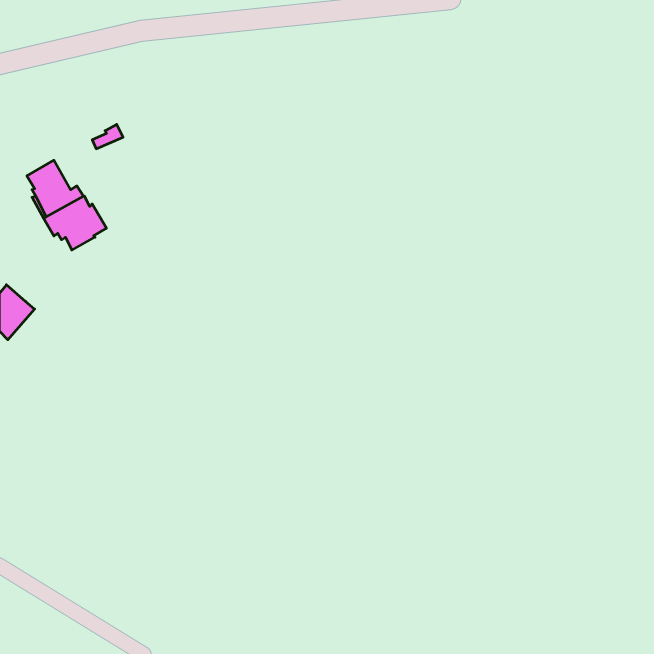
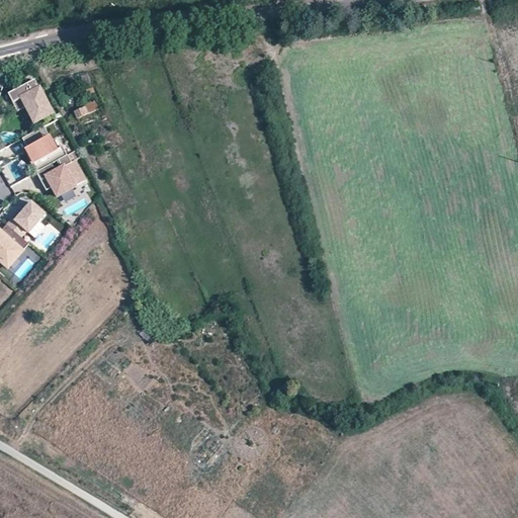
building: none -> [8,78,53,121]
building: none -> [5,202,44,238]

